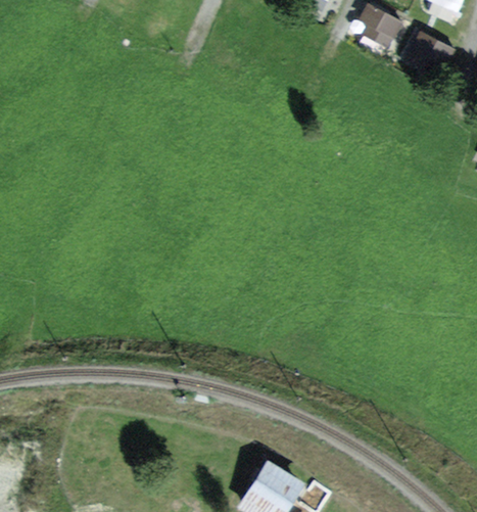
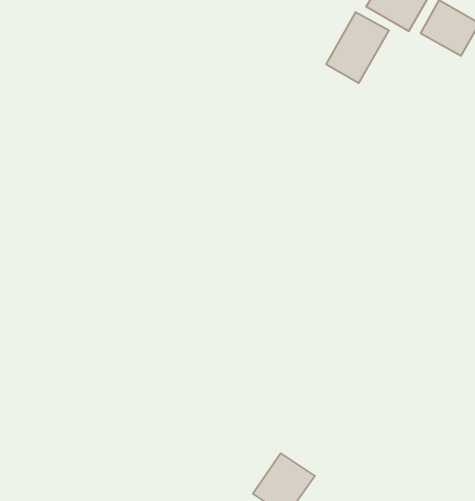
building: none -> [326,12,389,83]

